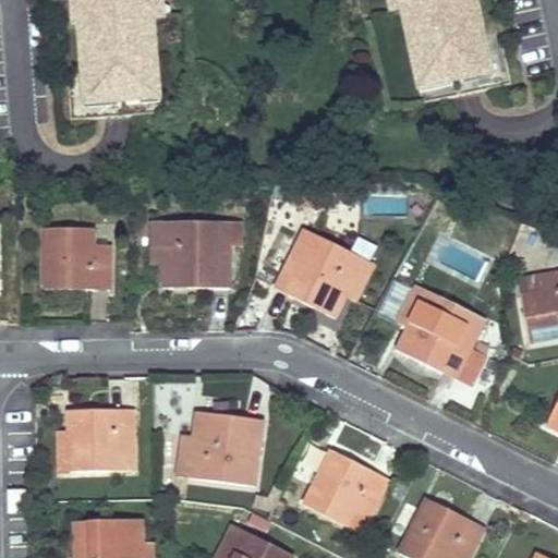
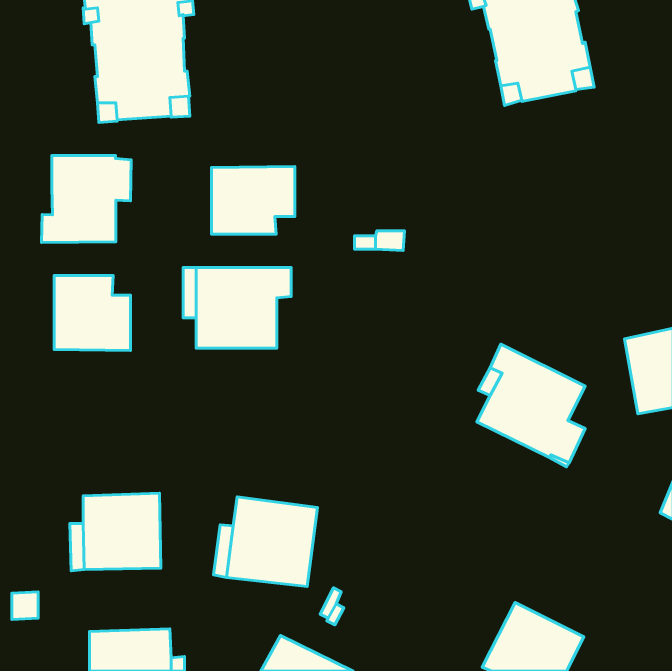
building: none -> [42,155,131,243]
building: none -> [212,166,295,234]
building: [275,229,375,318] -> none
building: [304,449,389,534] -> none

